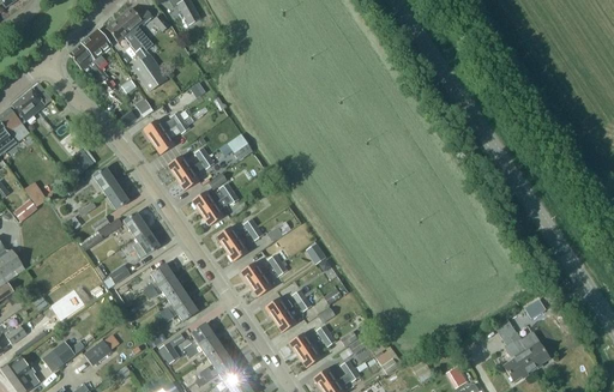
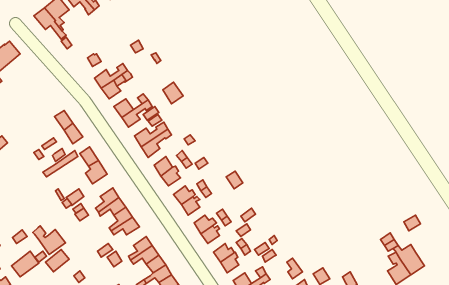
building: [131,47,167,91] -> none
building: none -> [33,226,65,255]

